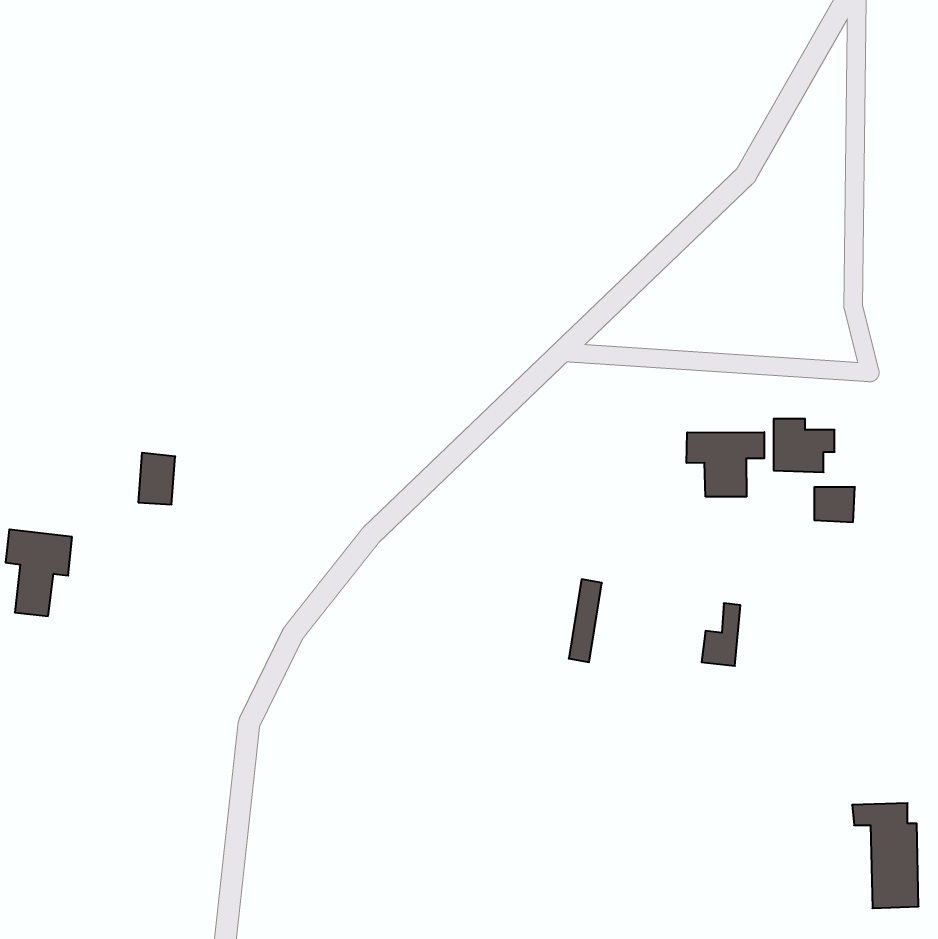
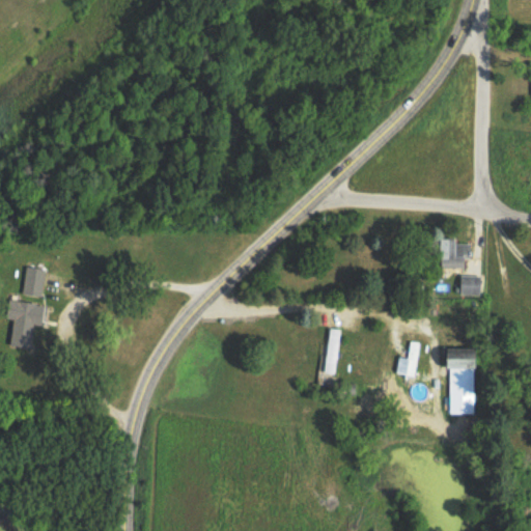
building: [687,432,764,497] -> none
building: [138,453,175,504] -> [24,267,45,296]
building: [852,803,919,908] -> [440,356,477,415]

